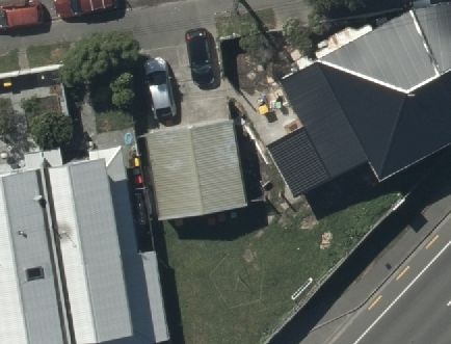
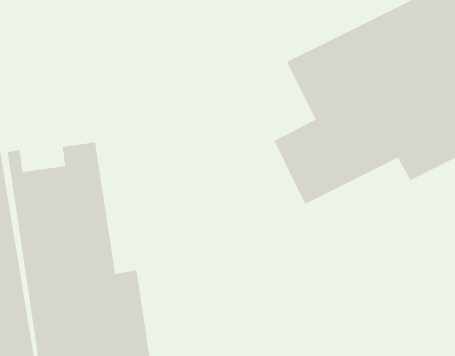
building: [144,120,246,220] -> none

